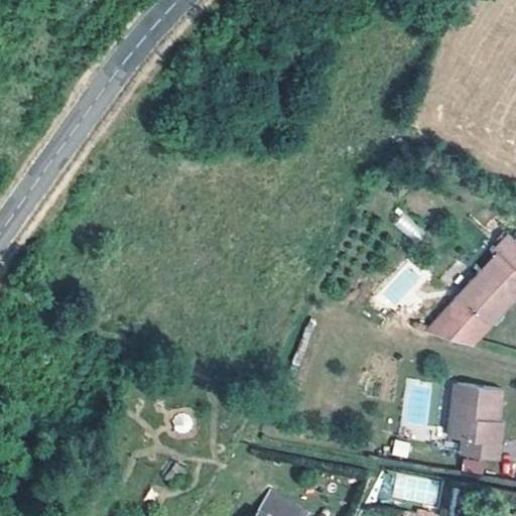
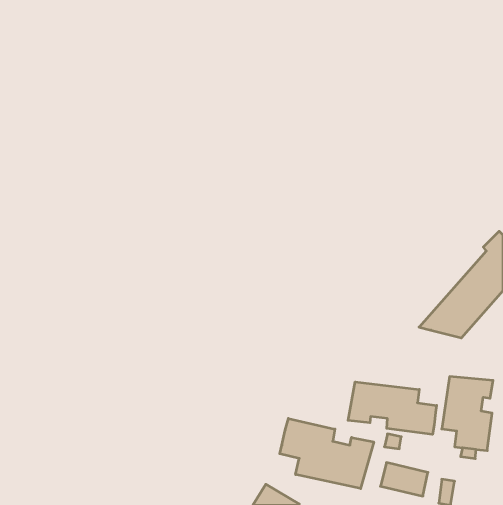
building: none -> [348,382,437,434]
building: none -> [280,418,374,489]

